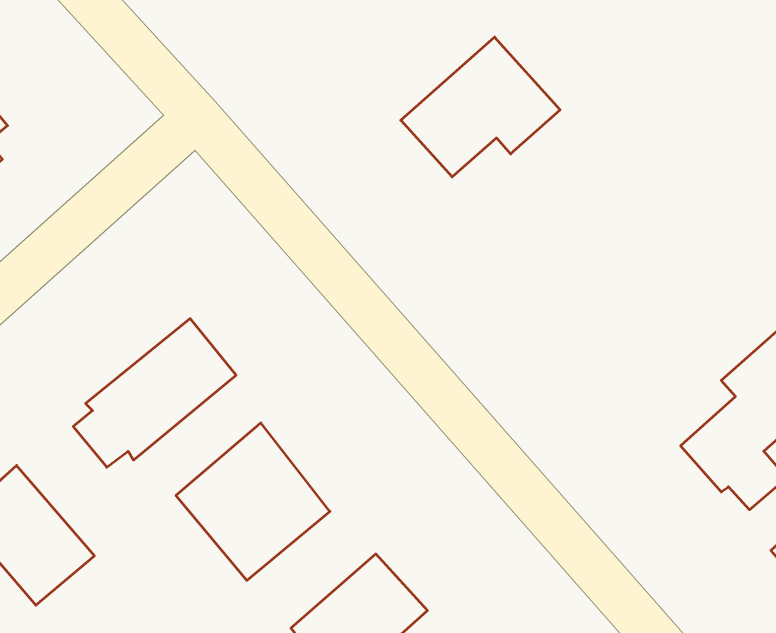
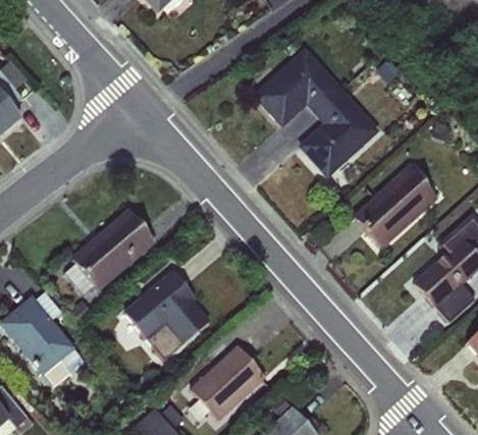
building: none -> [298,90,380,178]
building: none -> [353,166,438,249]

